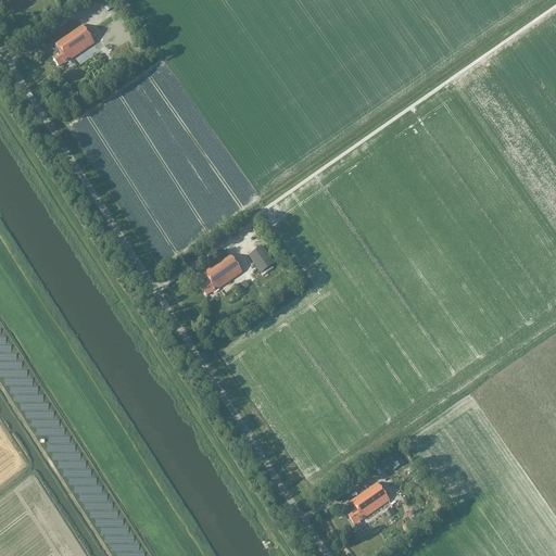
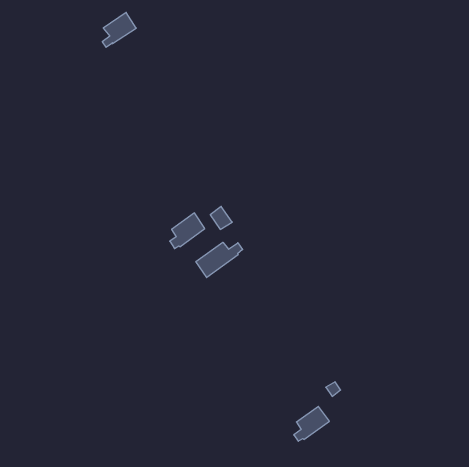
building: [54,24,94,65] -> [102,12,136,47]
building: none -> [196,242,243,278]

